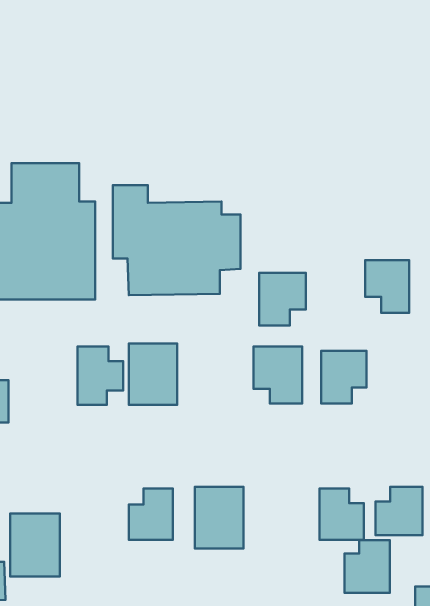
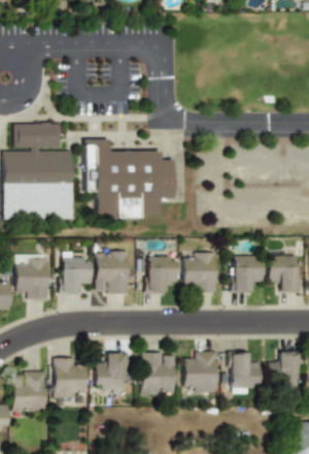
building: [365,260,409,313] -> [268,255,299,292]
building: [259,273,306,325] -> [145,256,178,293]
building: none -> [14,255,48,299]
building: none -> [55,358,88,399]
building: [344,540,390,593] -> [185,352,217,389]

